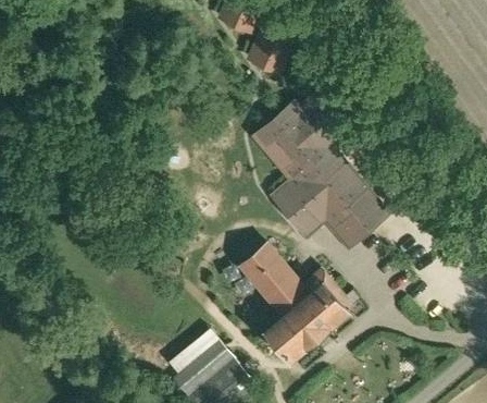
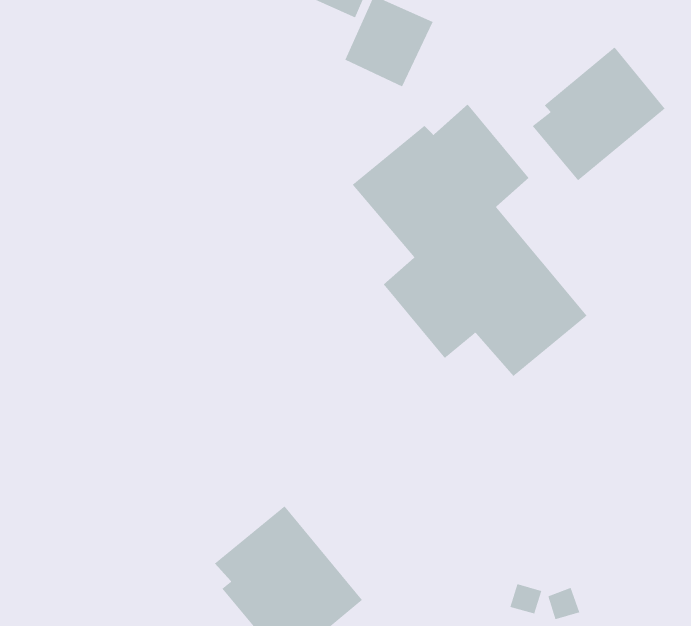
building: none -> [532,47,666,181]
building: [241,245,347,358] -> none

